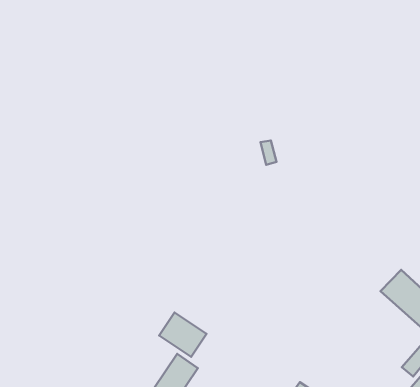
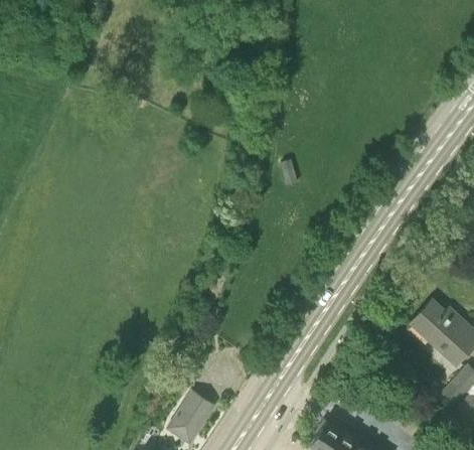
building: [159,312,207,357] -> none

